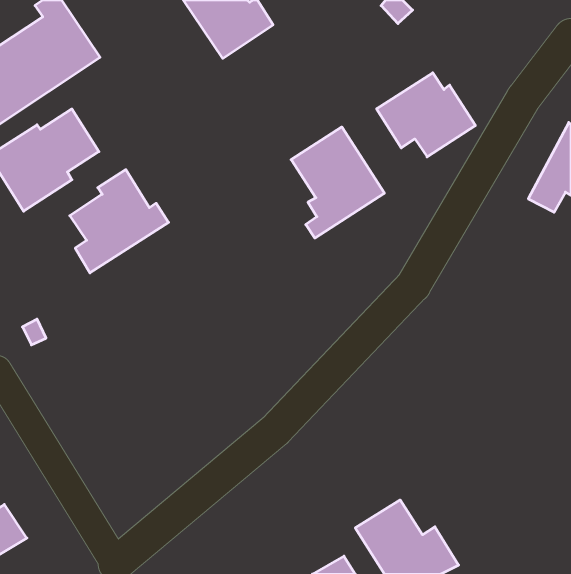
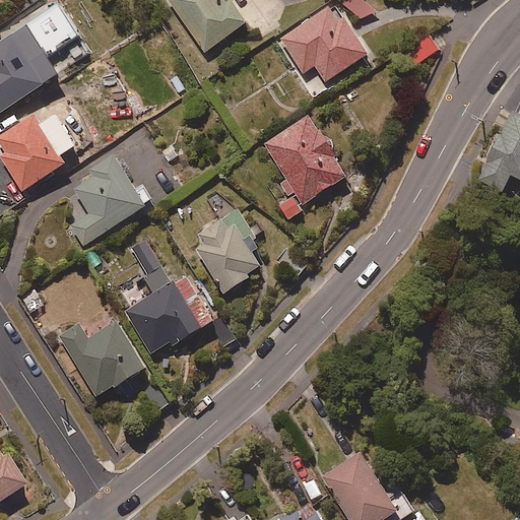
building: [377,73,475,157] -> [278,5,368,81]
building: none -> [192,194,262,294]
building: none -> [113,238,213,353]
building: none -> [57,320,145,398]

